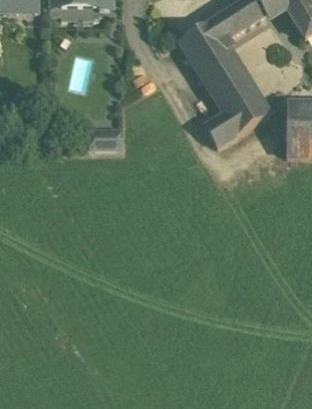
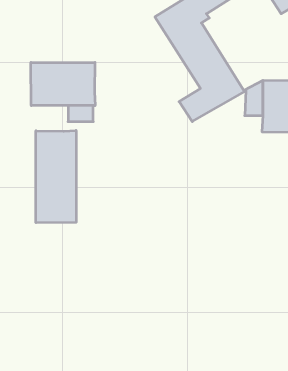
building: none -> [31,62,95,106]
building: none -> [36,130,76,223]

